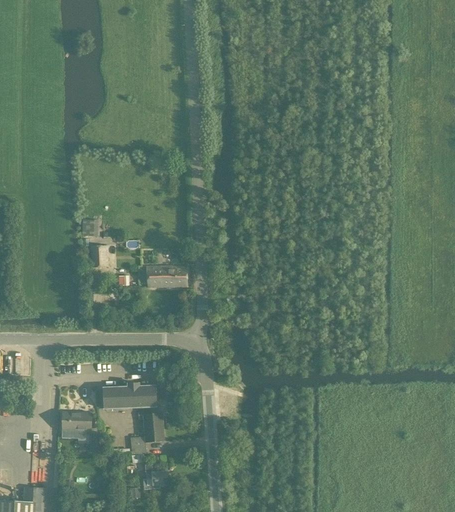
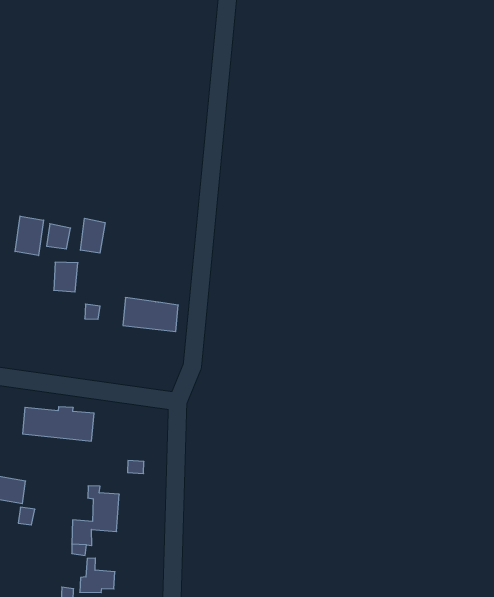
building: none -> [80,218,105,253]
building: none -> [15,216,44,256]
building: [103,383,156,408] -> [23,407,94,441]

